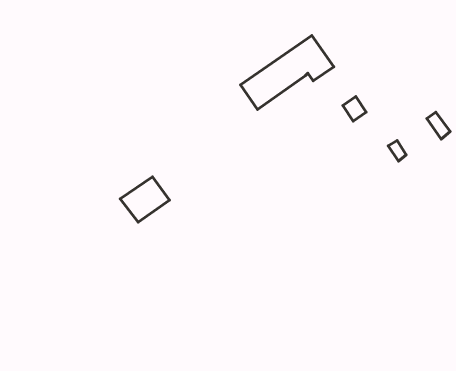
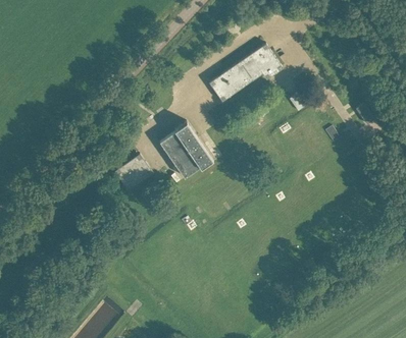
building: none -> [160,123,211,177]

